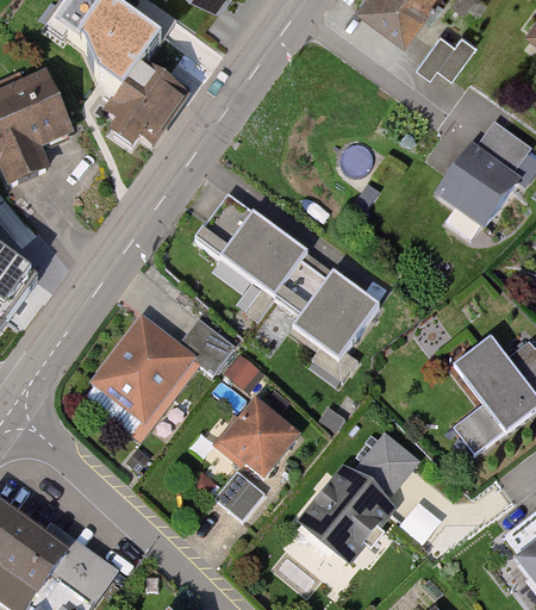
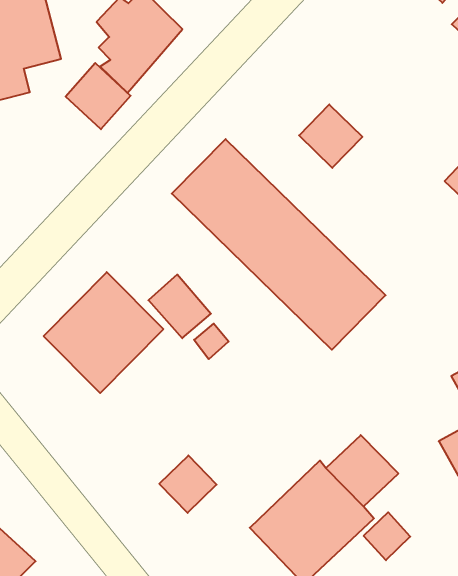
building: none -> [66,63,131,129]
building: none -> [299,104,362,168]
building: [216,393,308,485] -> none

